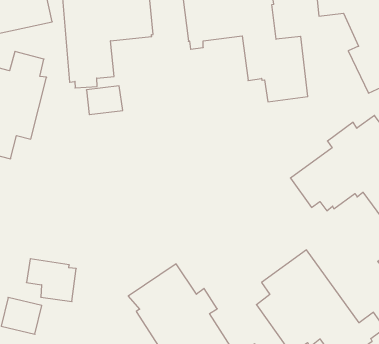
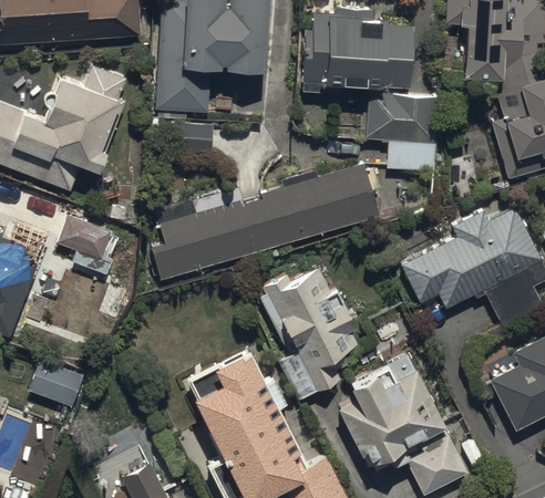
building: none -> [151,163,381,280]
building: none -> [260,268,363,402]
building: [26,259,76,302] -> [59,218,121,277]

